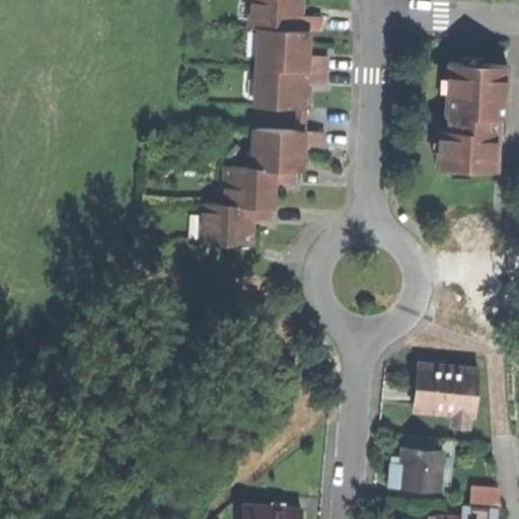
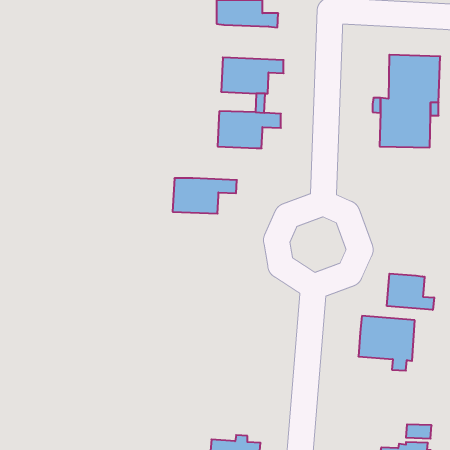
building: [256,29,327,70] -> none
building: [222,168,295,208] -> none
building: none -> [387,274,434,310]
building: [387,436,453,491] -> none

